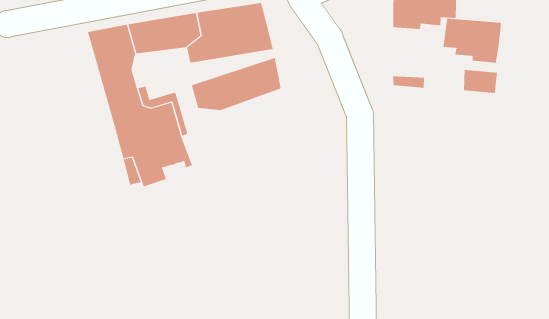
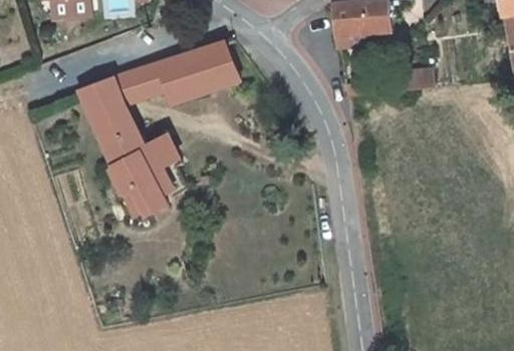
building: [443,18,501,63] -> none
building: [191,57,281,111] -> none

